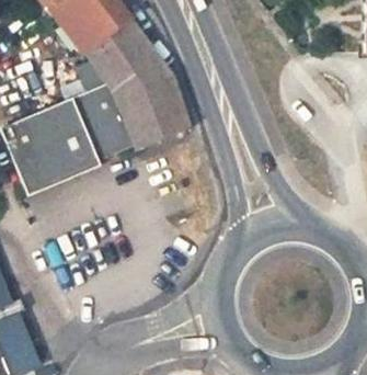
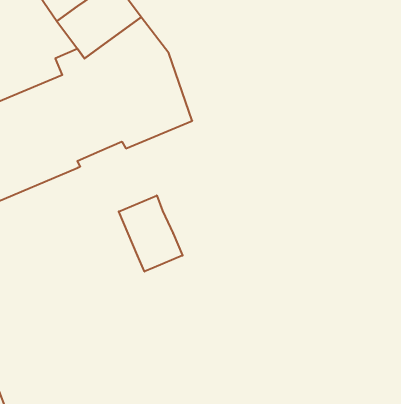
building: none -> [119,195,183,272]

